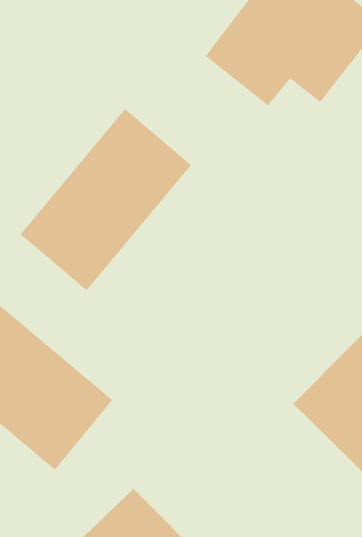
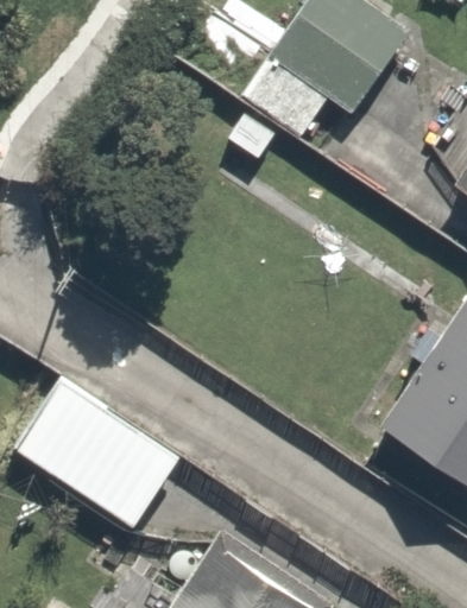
building: [20,108,192,291] -> none

